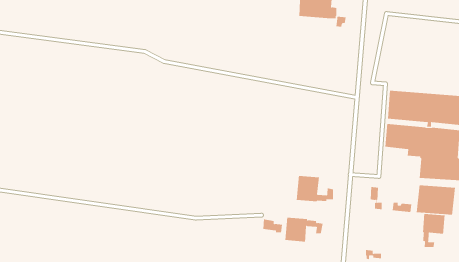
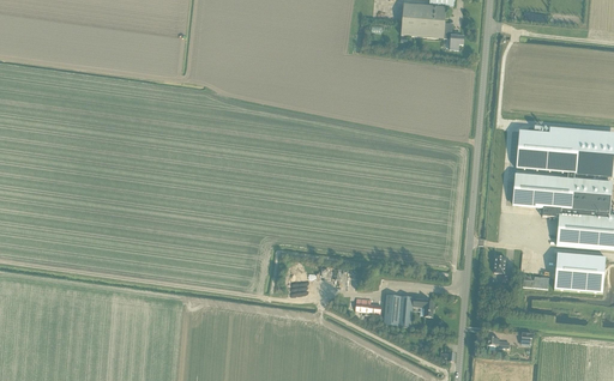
building: [296,175,333,202] -> none
building: [422,213,445,248] -> none

